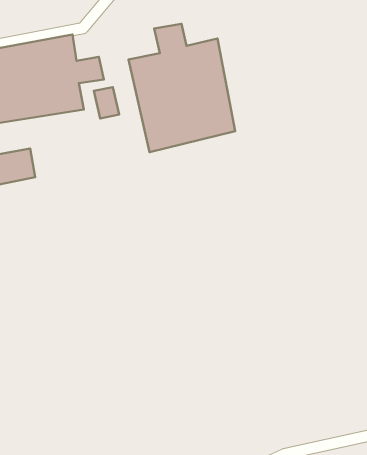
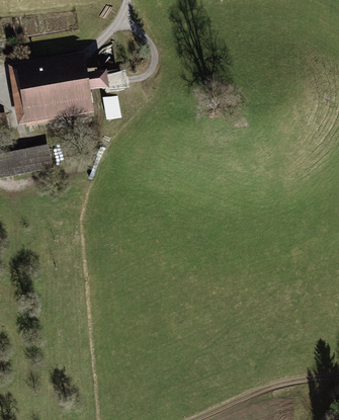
building: [128,24,235,152] -> none

